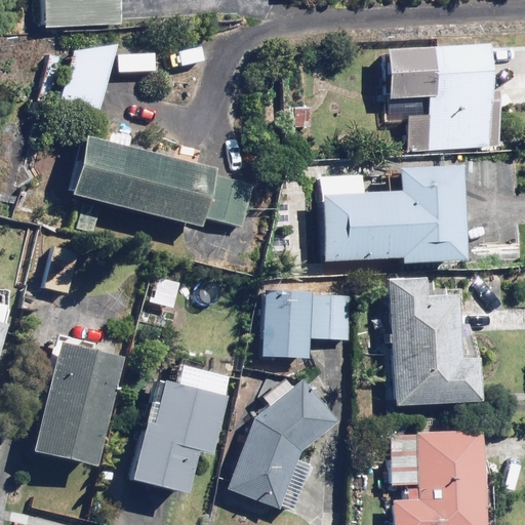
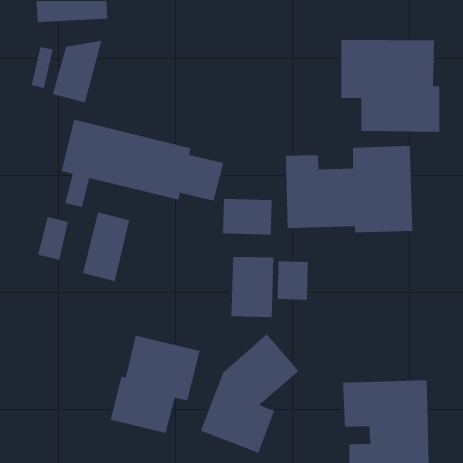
building: none -> [222,198,272,235]
building: none -> [82,211,130,282]
building: [391,277,481,406] -> none
building: [35,339,122,465] -> none

